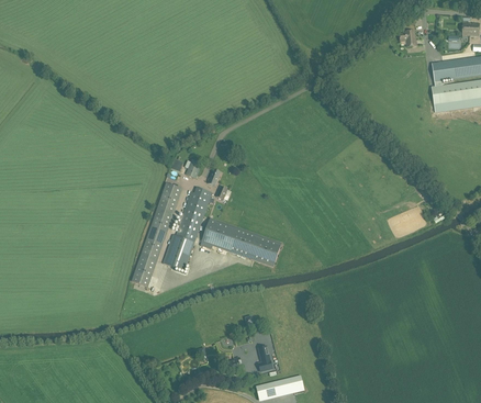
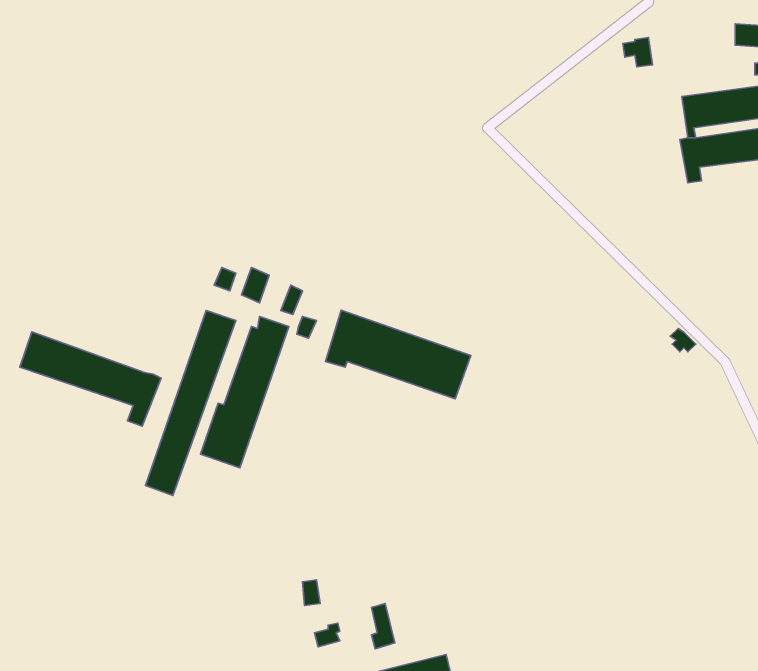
building: none -> [20,332,161,426]
building: [200,216,281,266] -> [325,310,471,399]

